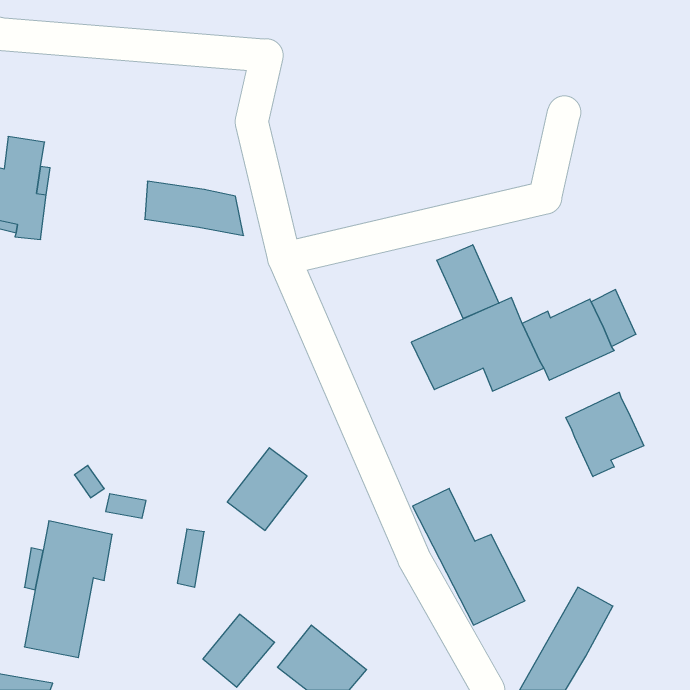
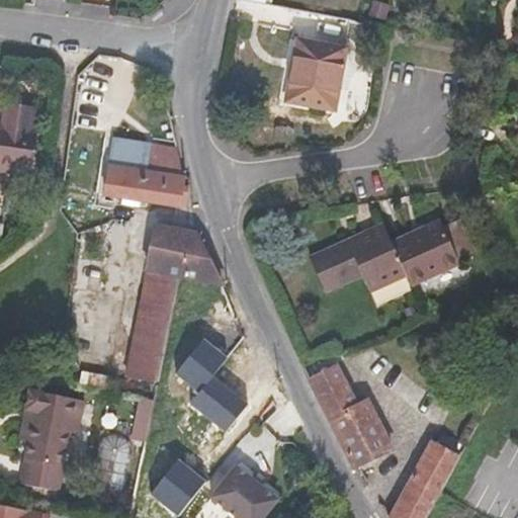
building: none -> [286,40,344,107]
building: none -> [103,164,185,204]
building: [437,245,499,319] -> none
building: none -> [124,225,224,381]
building: [566,392,644,477] -> none
building: none -> [193,379,243,428]

